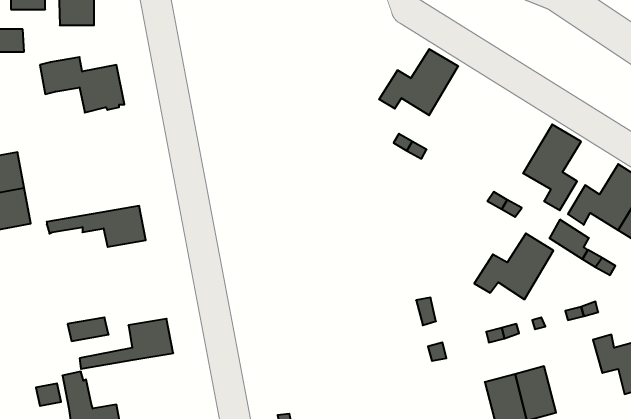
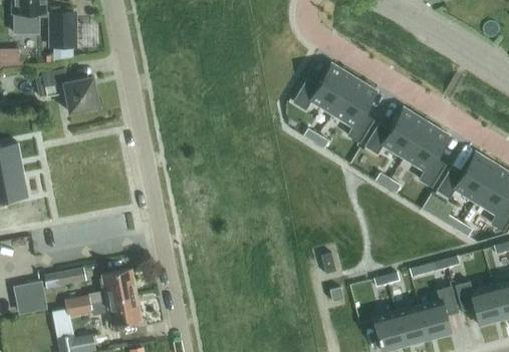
building: none -> [331,77,375,142]
building: [47,206,146,247] -> [66,295,142,326]
building: [474,233,553,299] -> [364,108,425,158]
building: none -> [15,281,45,311]
building: none -> [419,287,458,340]

